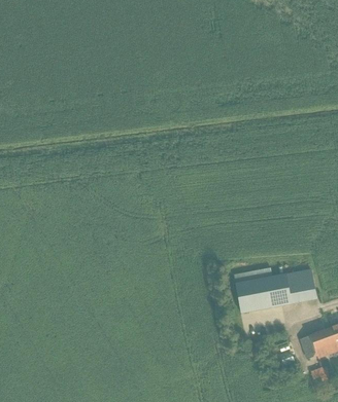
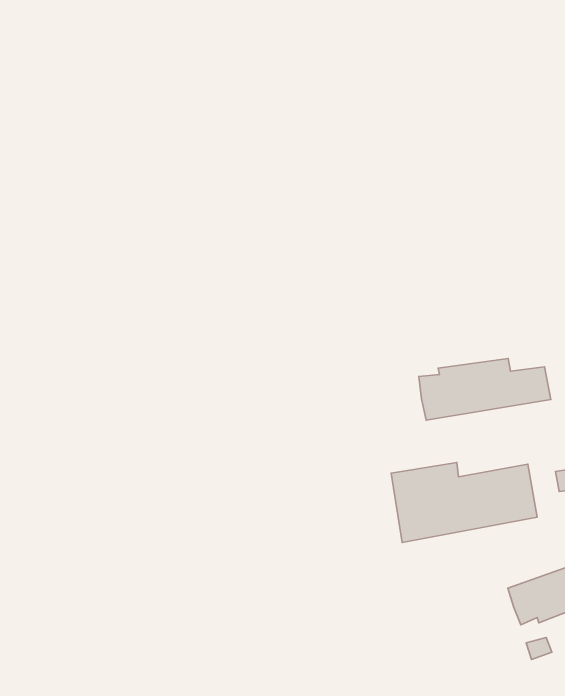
building: none -> [419,358,551,420]

